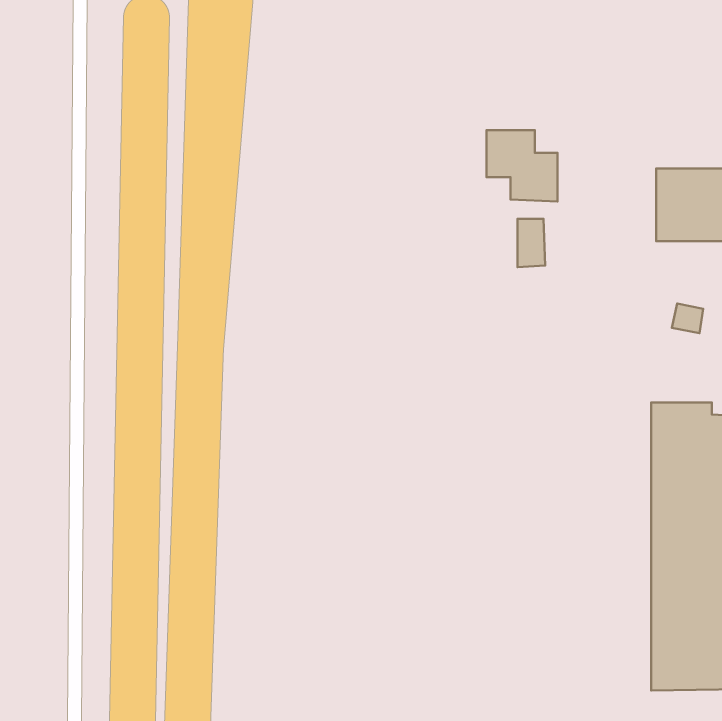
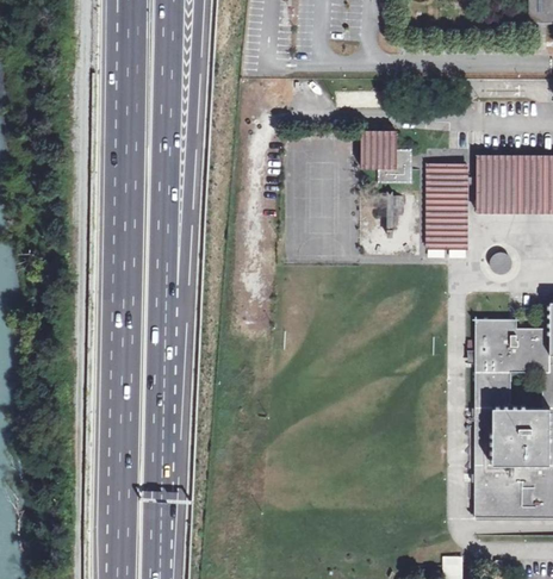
building: none -> [428,164,465,247]

